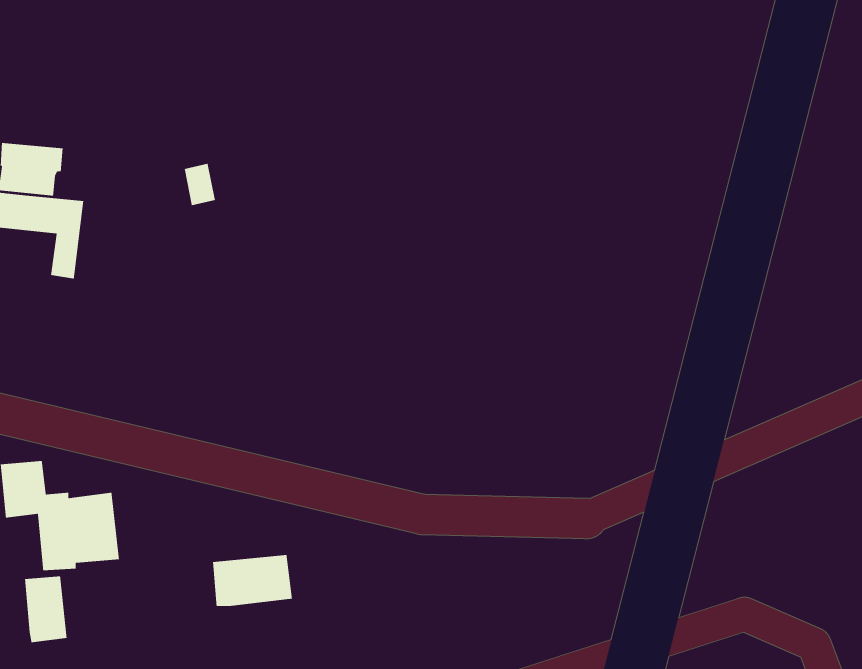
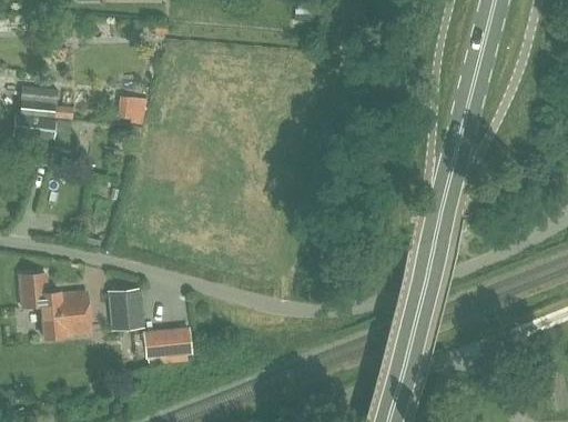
building: none -> [106,287,142,329]
building: [24,576,67,643] -> none

